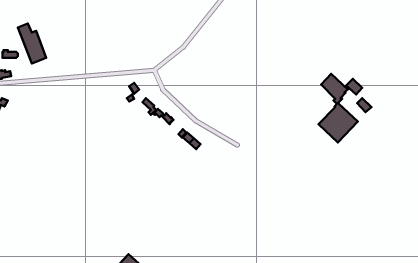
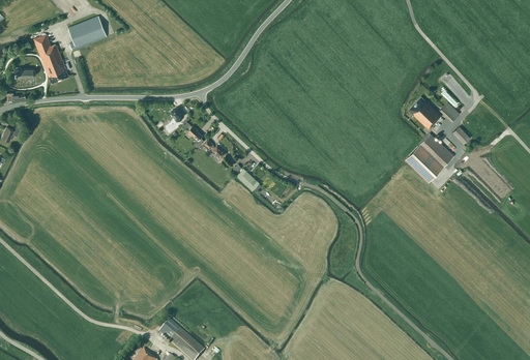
building: none -> [67,17,106,50]

